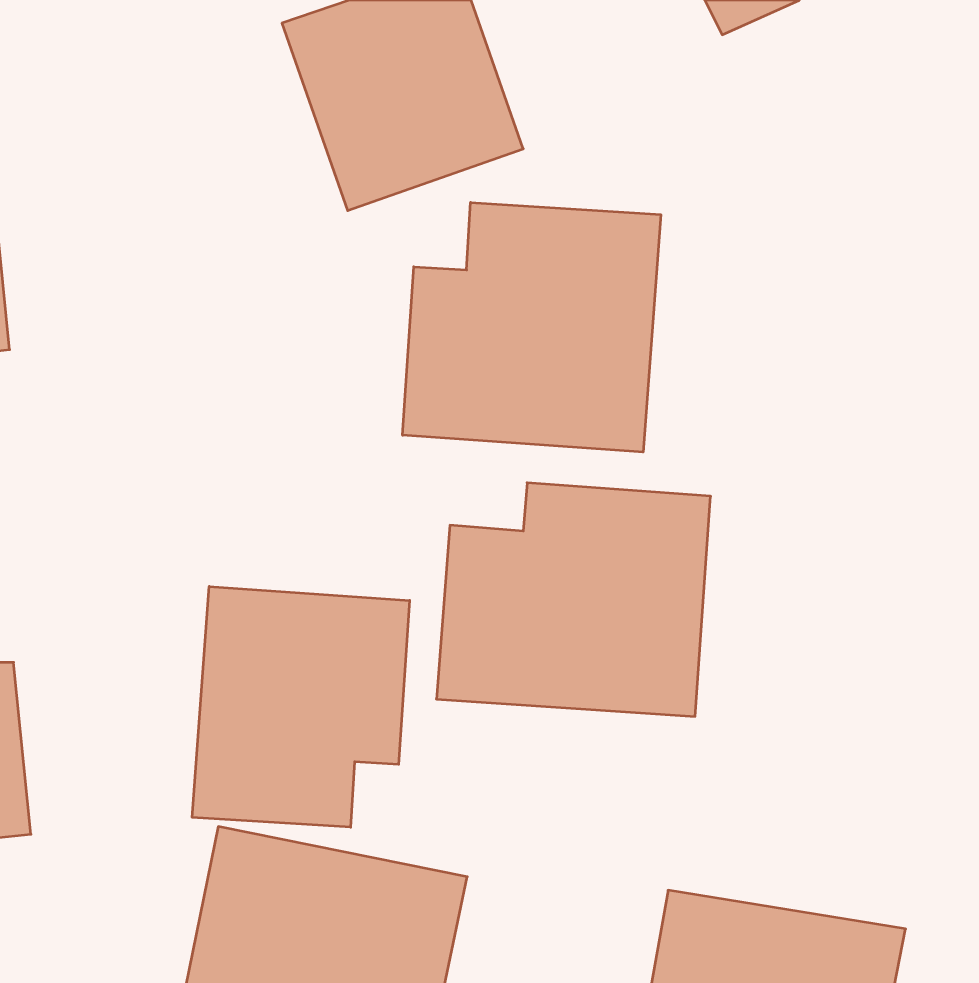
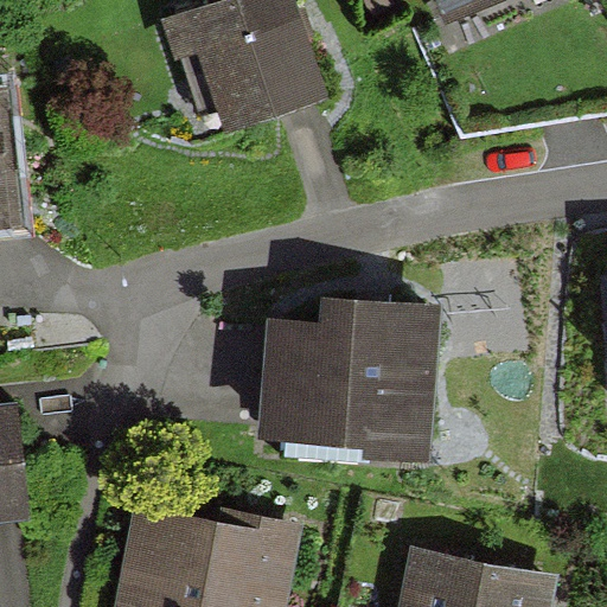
building: [403,202,661,452] -> none
building: [192,586,410,827] -> none

